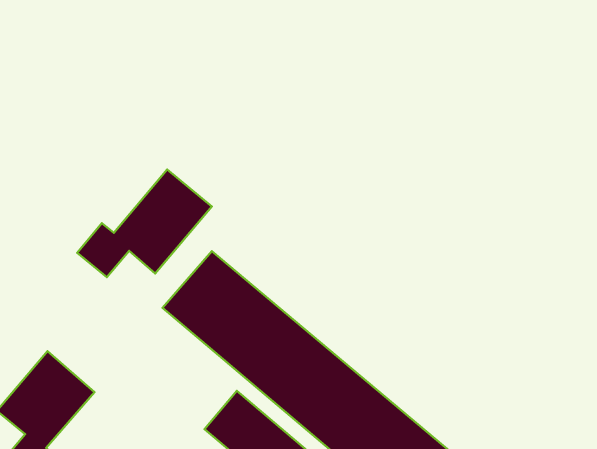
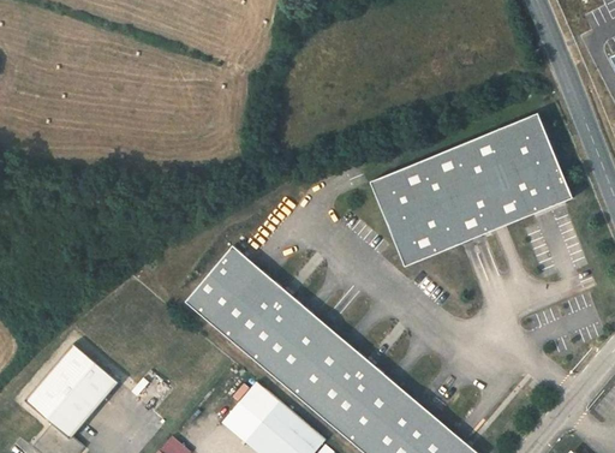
building: none -> [371,113,573,267]
building: [77,169,212,277] -> none

